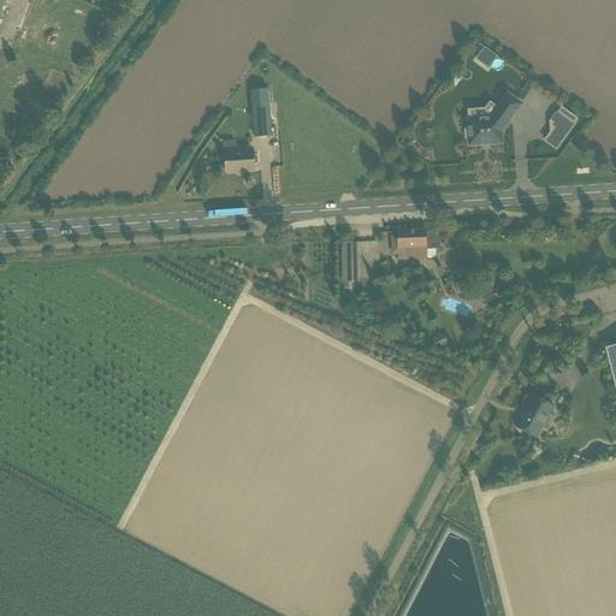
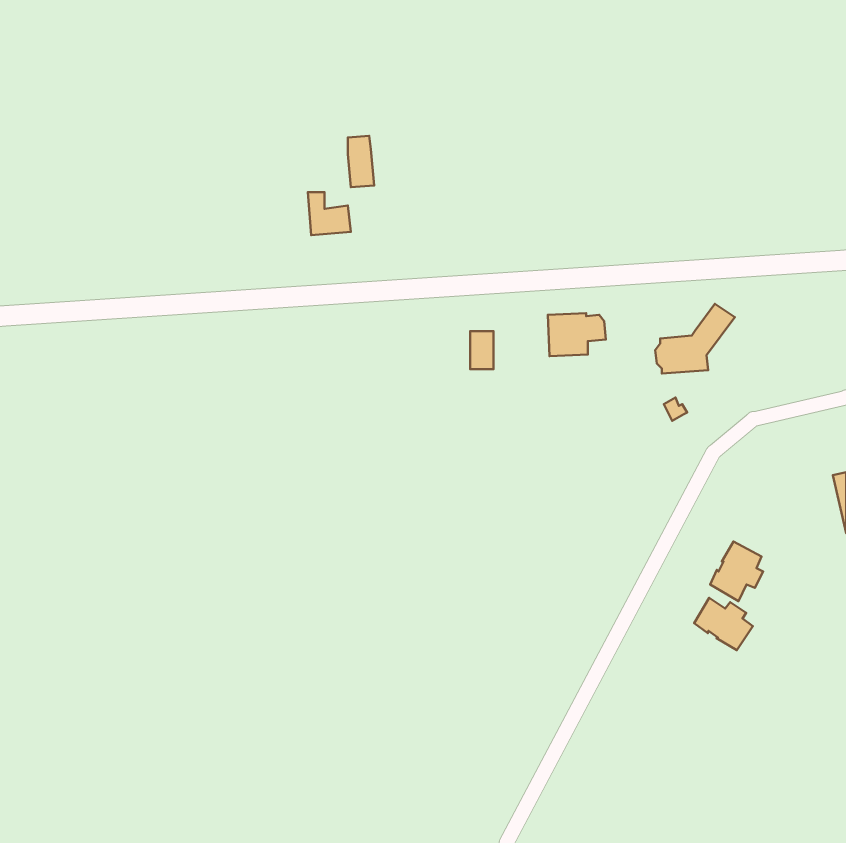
building: [464,93,522,143] -> [655,304,735,373]
building: [540,111,573,147] -> none
building: none -> [694,598,753,650]

